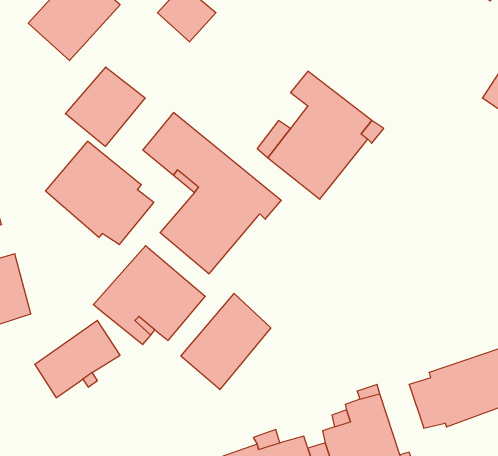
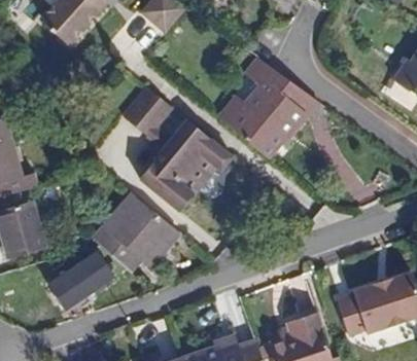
building: [65,67,145,146] -> none
building: [46,141,154,245] -> none
building: [181,293,271,390] -> none

